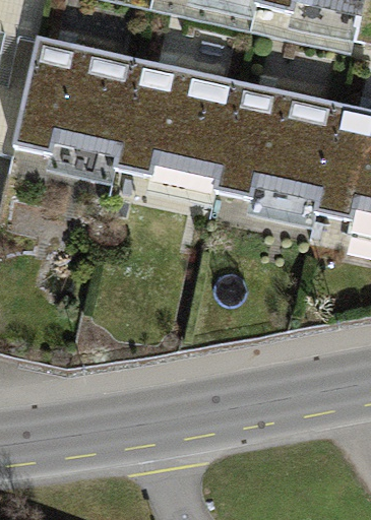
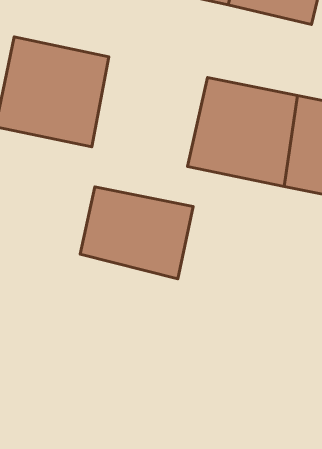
building: [119,71,243,189] -> none
building: none -> [80,187,193,279]

